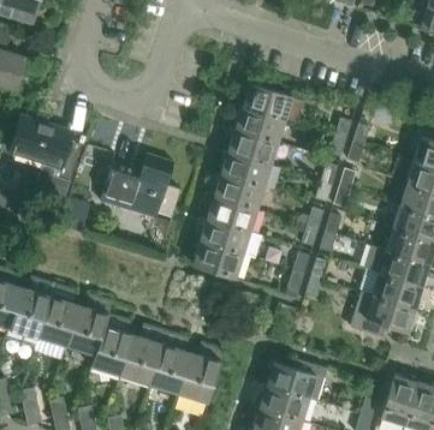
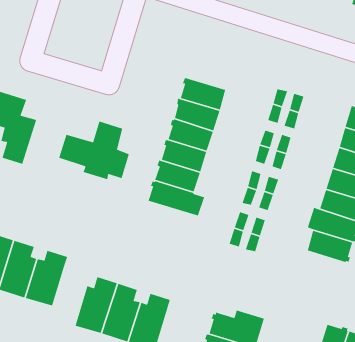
building: [242,84,292,120] -> none
building: [192,241,244,277] -> none
building: [350,292,416,338] -> none
building: [91,312,133,377] -> none

